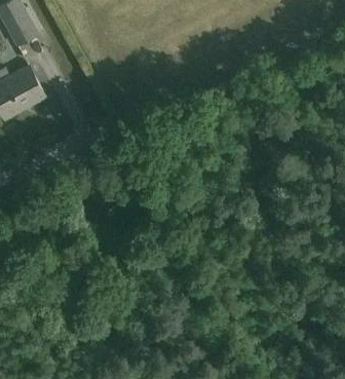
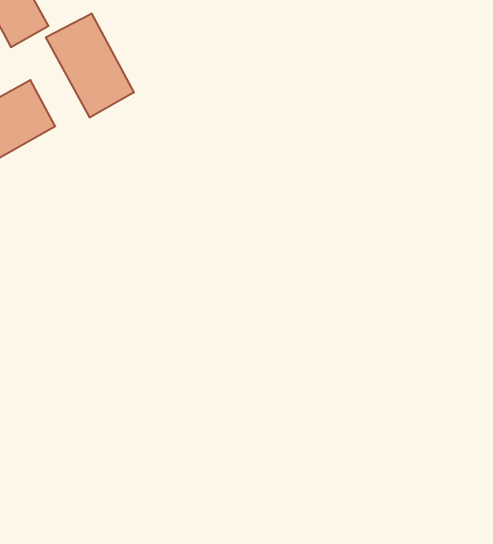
building: none -> [46,13,134,118]

